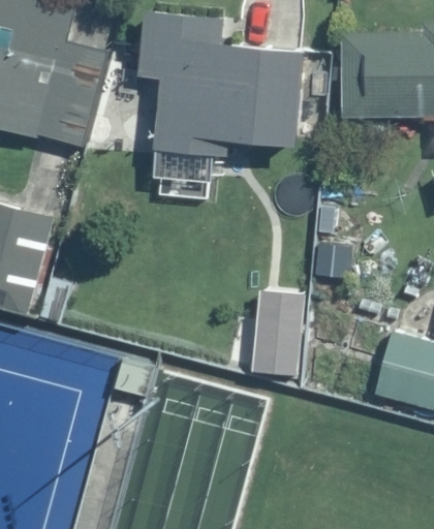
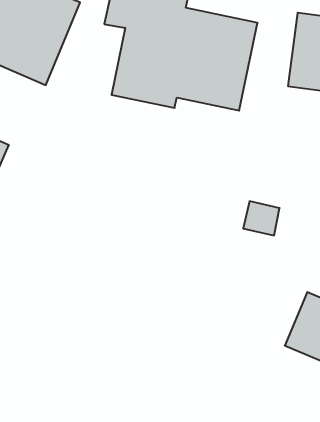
building: [252,291,303,376] -> none

